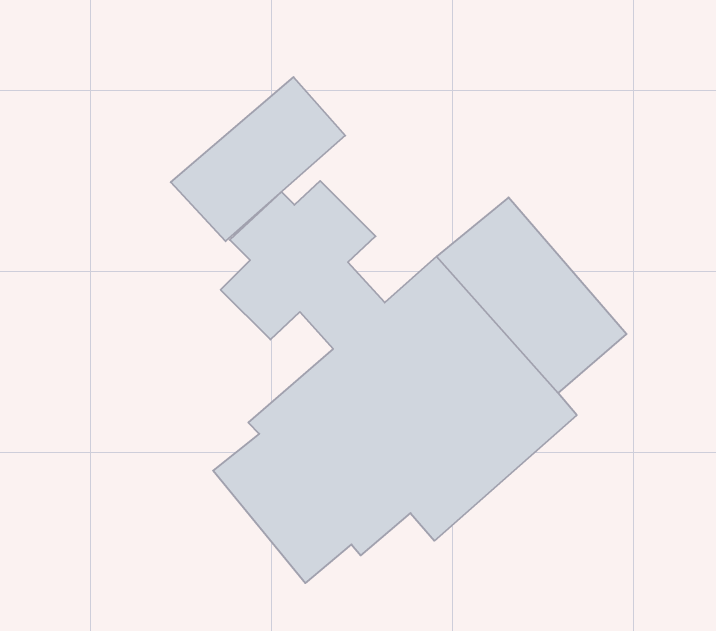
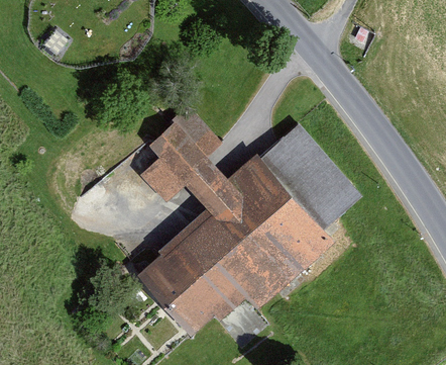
building: [171,77,345,241] -> none

